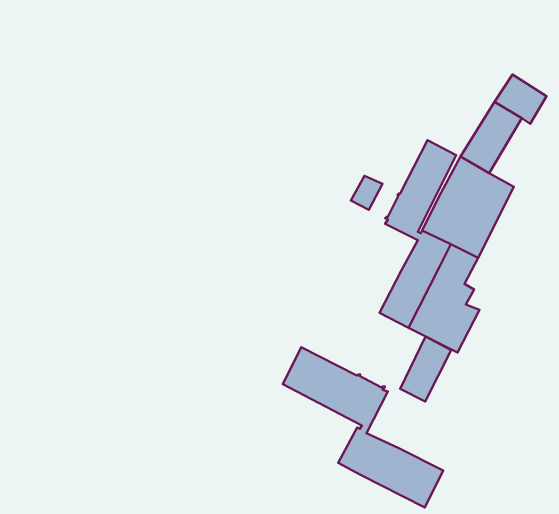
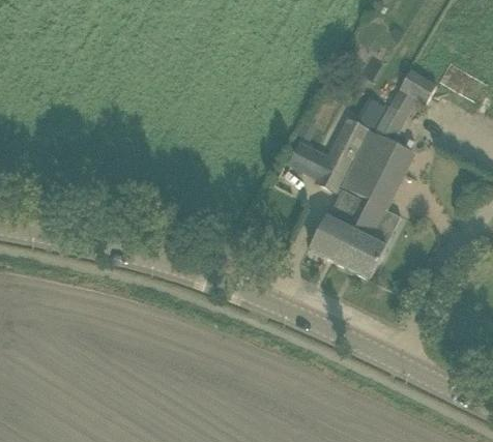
building: [400,336,451,401] -> none
building: [283,347,443,507] -> none

